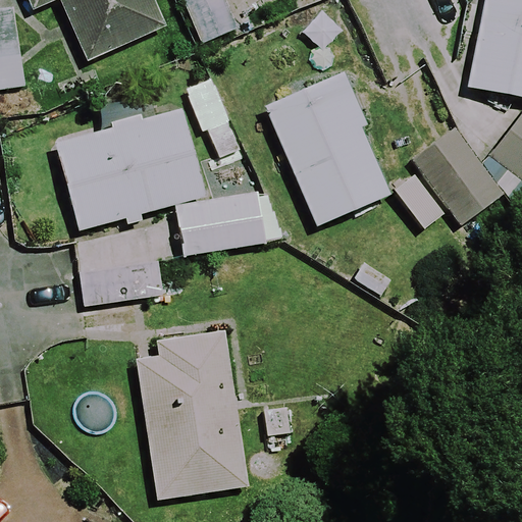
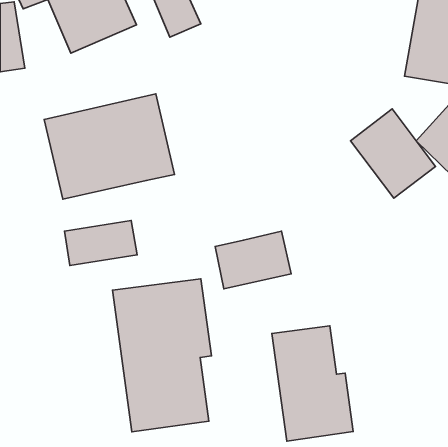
building: [264,71,389,225] -> none
building: [173,191,261,257] -> [215,231,291,289]
building: none -> [272,326,353,441]

